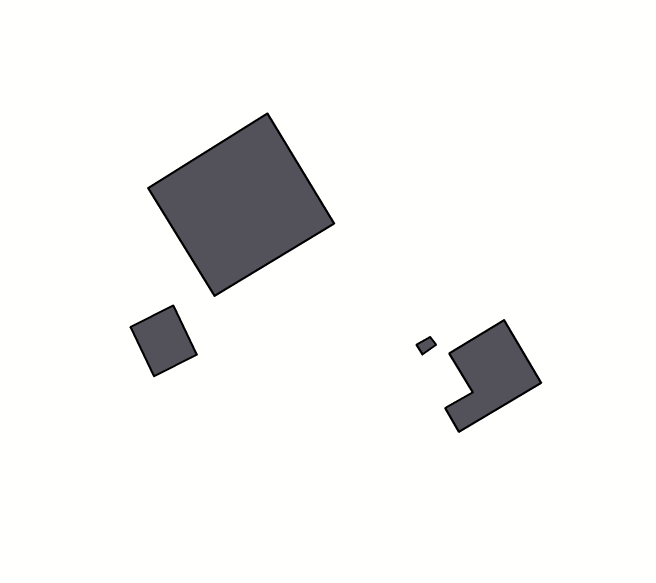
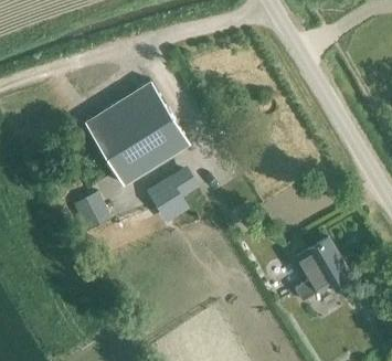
building: none -> [150,172,194,219]
building: [445,320,541,432] -> [295,238,349,301]

